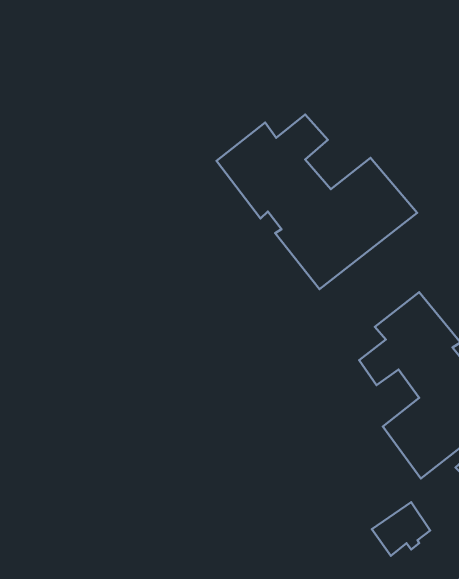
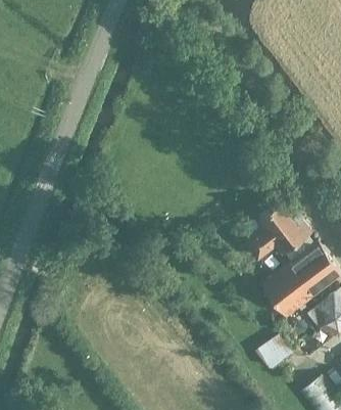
building: [217,114,417,289] -> none

